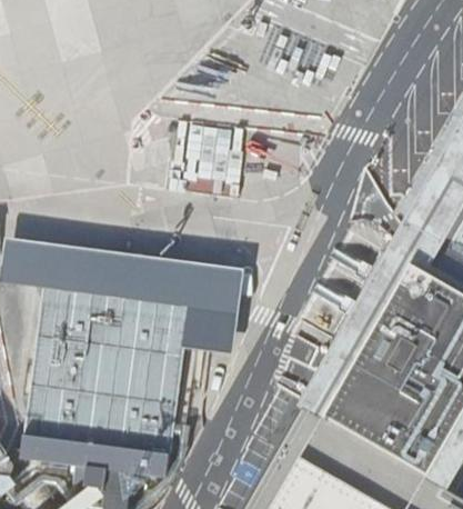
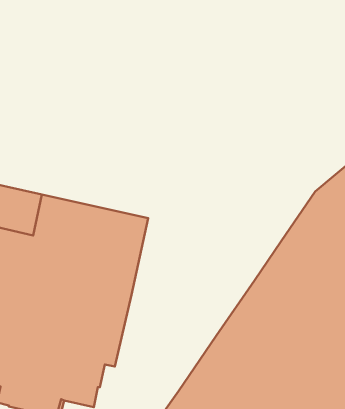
building: [198,263,245,353] -> none

